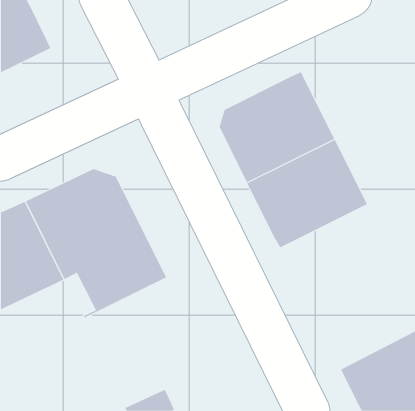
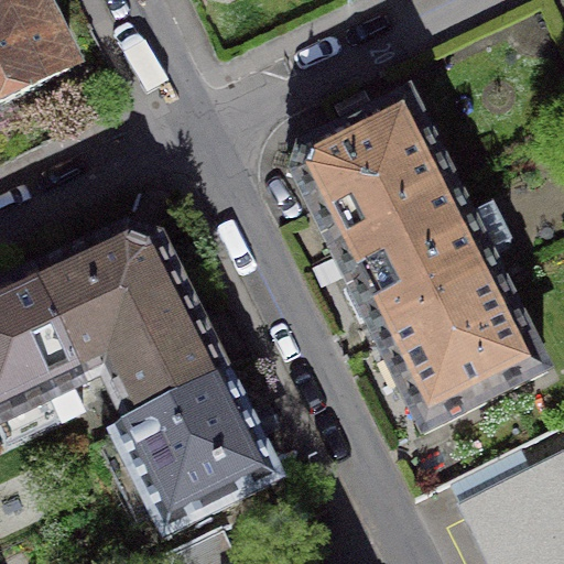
building: none -> [380,276,545,427]
building: none -> [116,376,278,532]

